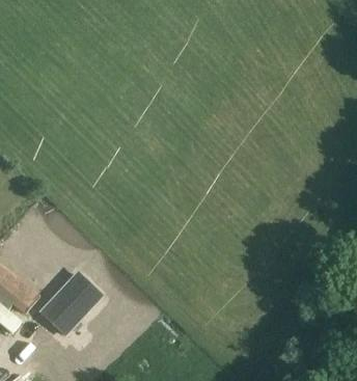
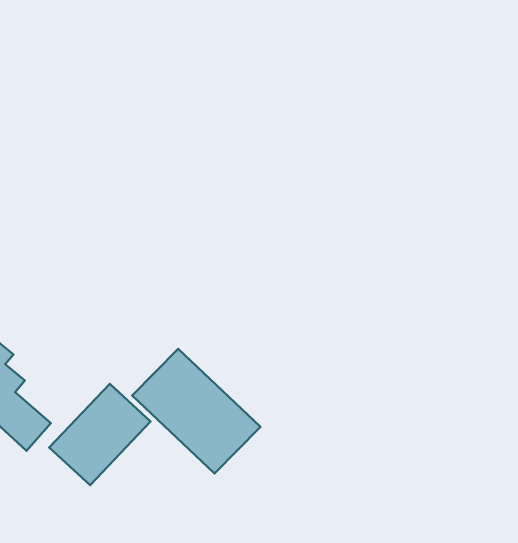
building: none -> [132,349,260,474]

